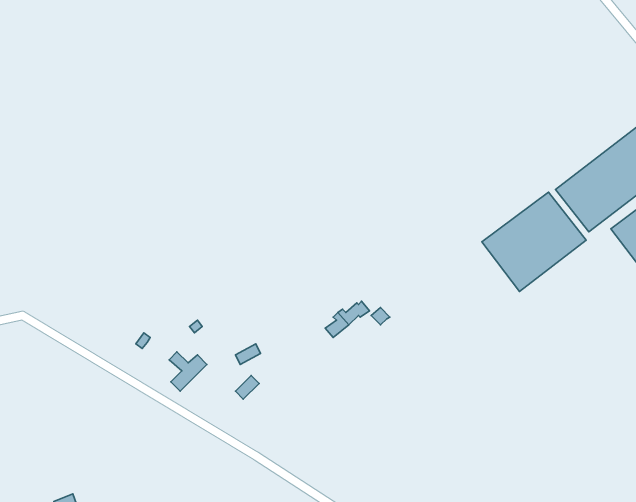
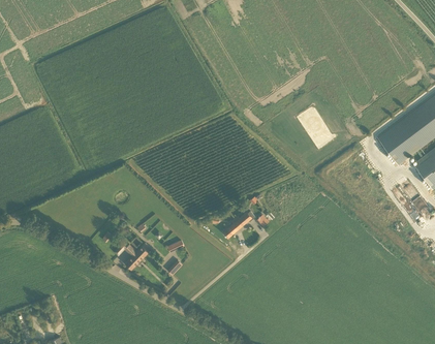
building: [482,192,586,291] -> none

